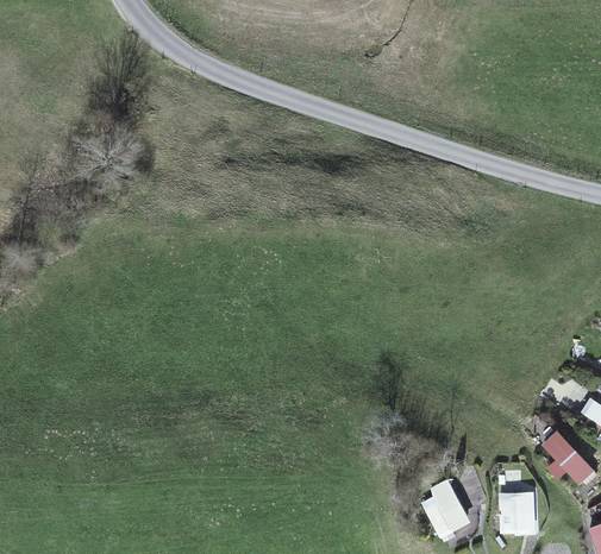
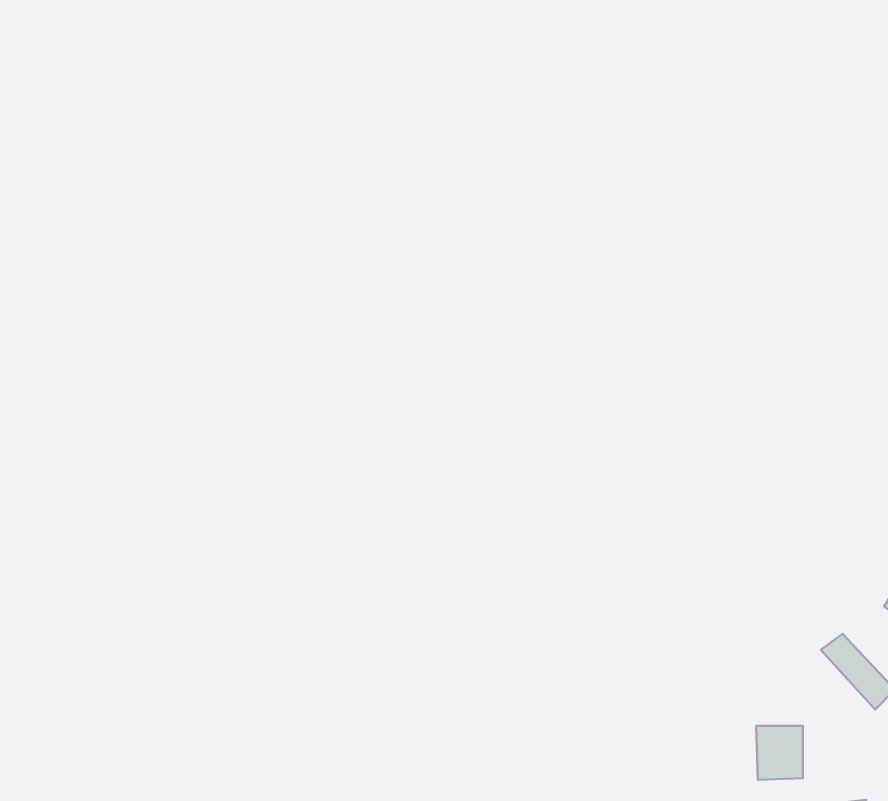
building: [422,487,467,533] -> none

